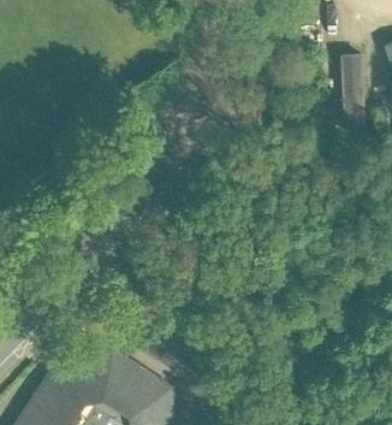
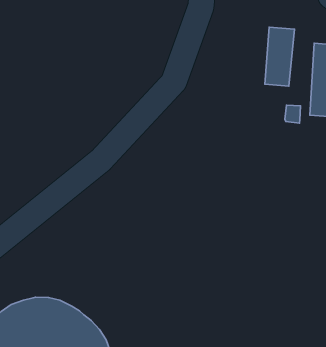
building: none -> [265,27,294,86]

